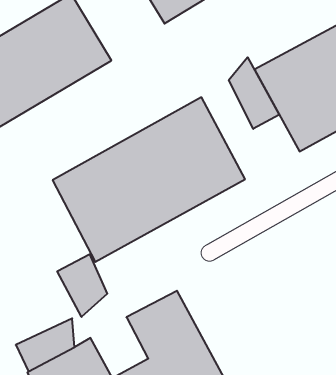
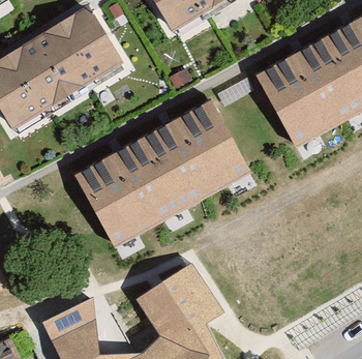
building: [229,57,279,129] -> none
building: [57,254,107,317] -> none

